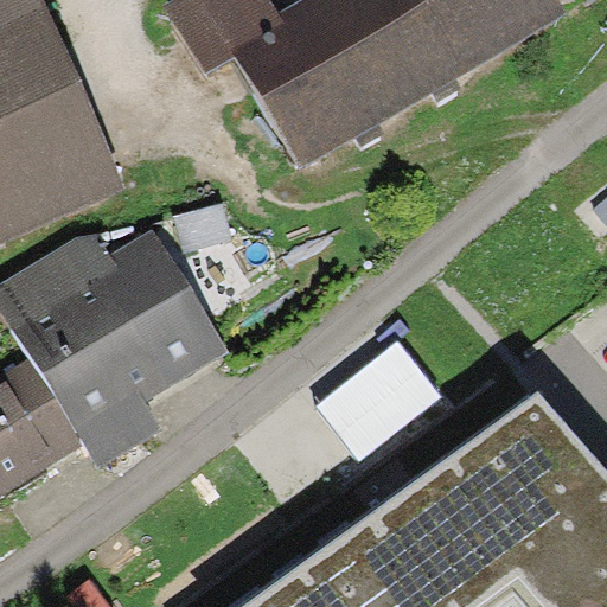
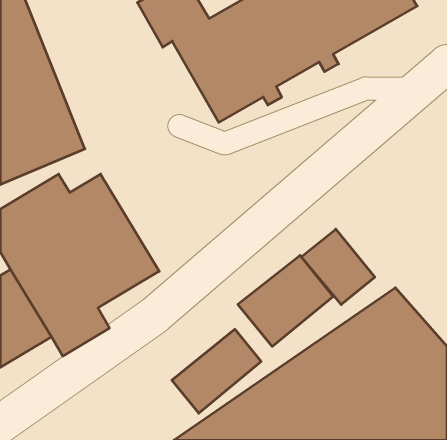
building: none -> [301,229,375,305]
building: none -> [172,329,261,413]

